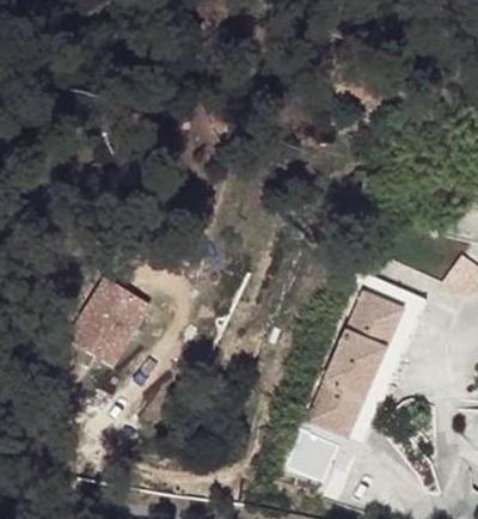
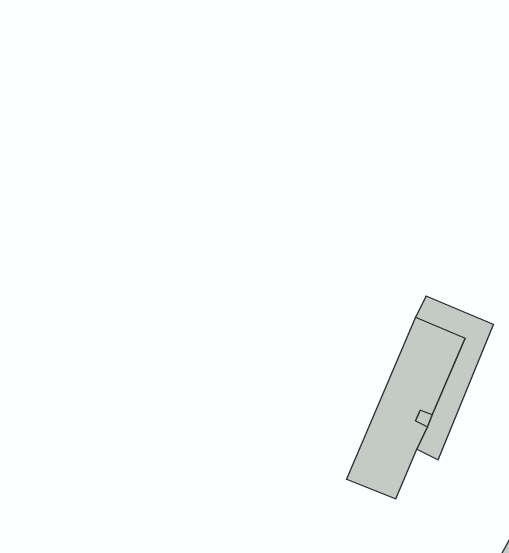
building: [65,276,146,364] -> none

